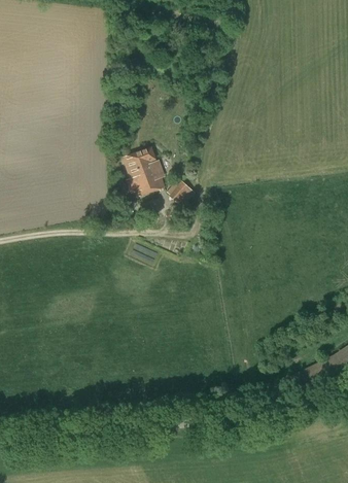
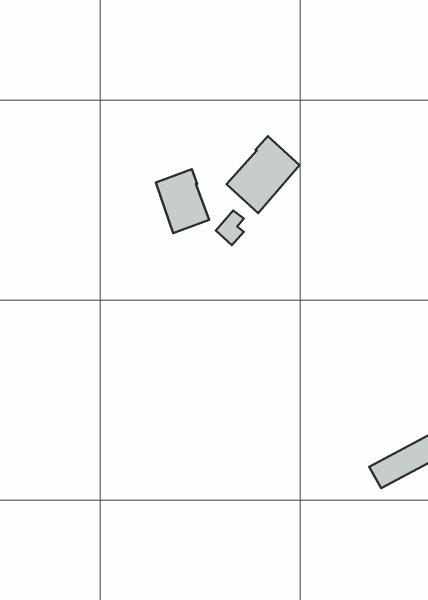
building: none -> [226,136,300,213]

